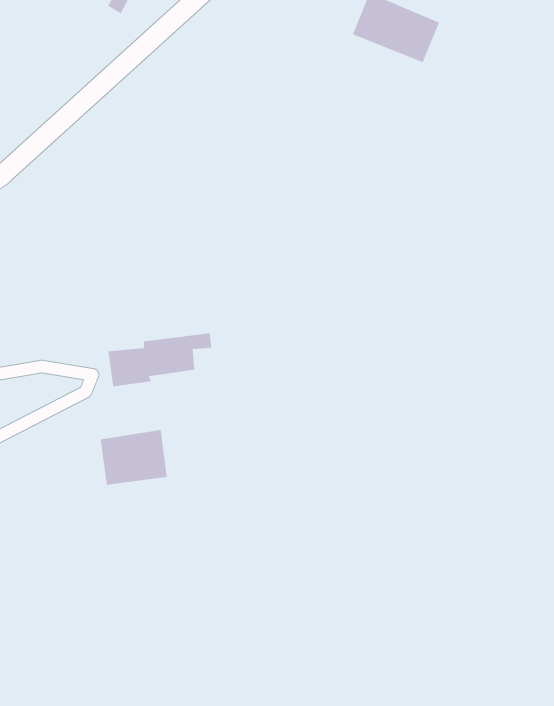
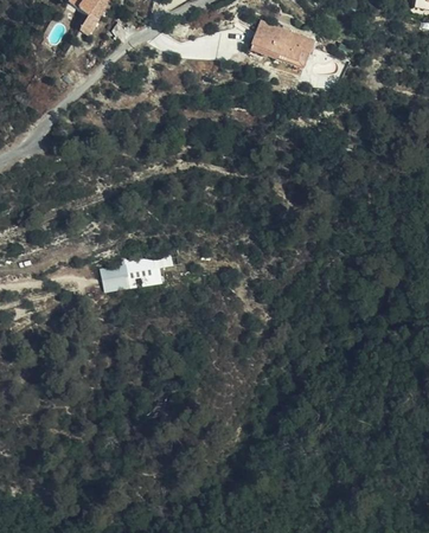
building: [100,429,167,485] -> none

